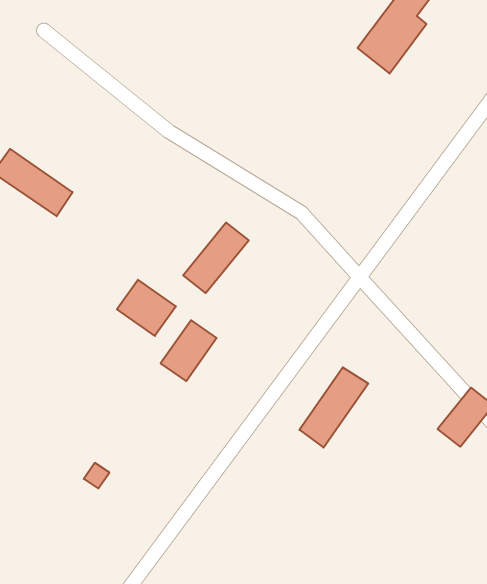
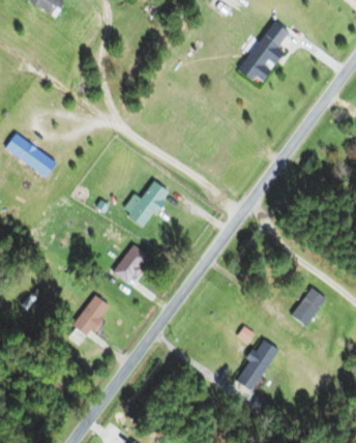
building: [117,280,176,336] -> none
building: [299,367,368,448] -> [235,339,279,391]
building: none -> [71,296,110,337]

